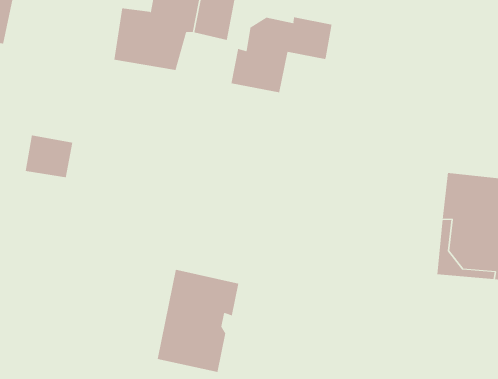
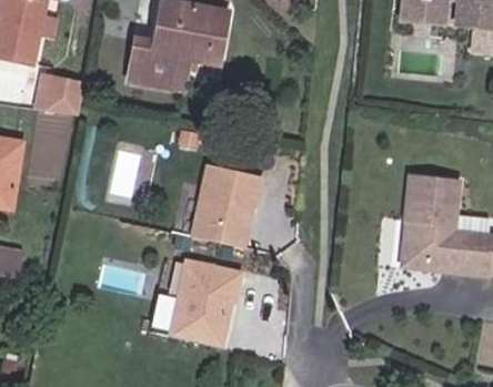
building: [231,17,333,93] -> none
building: [25,135,73,178] -> [39,79,80,115]
building: none -> [187,169,255,249]

